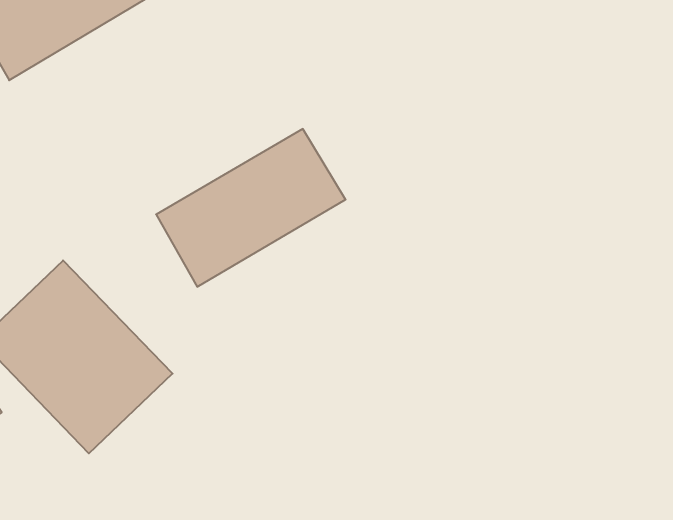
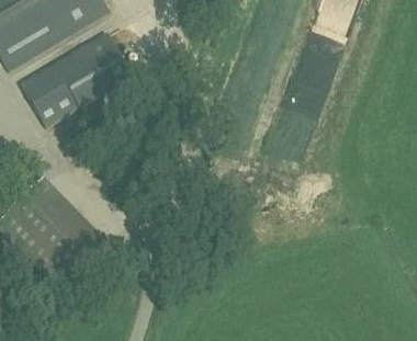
building: [156,129,346,287] -> [21,31,133,124]

